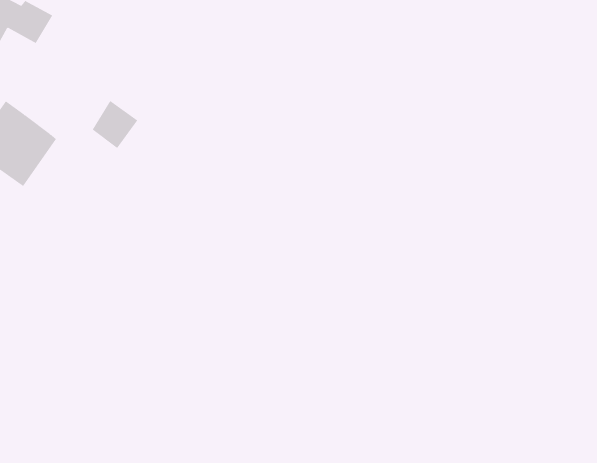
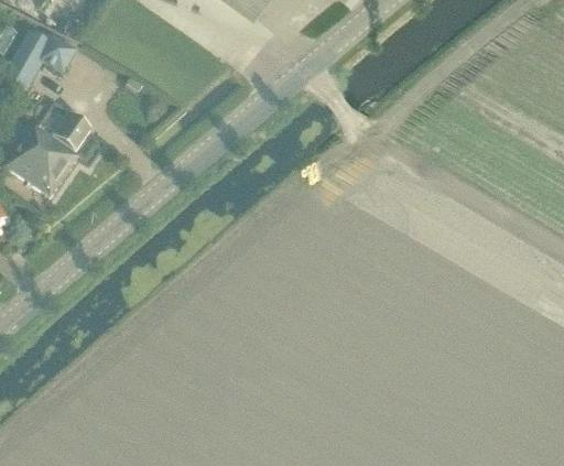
building: [92,100,138,149] -> [51,107,90,149]

